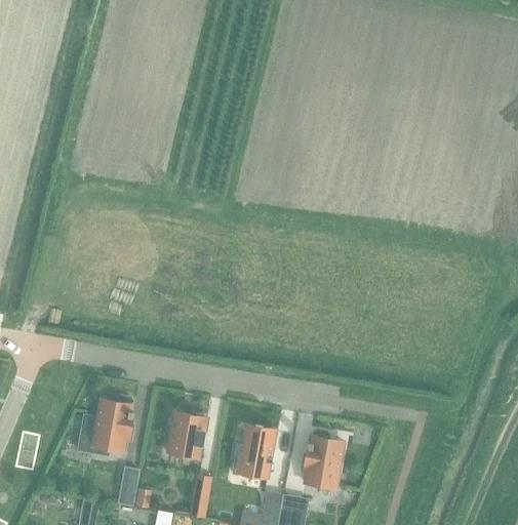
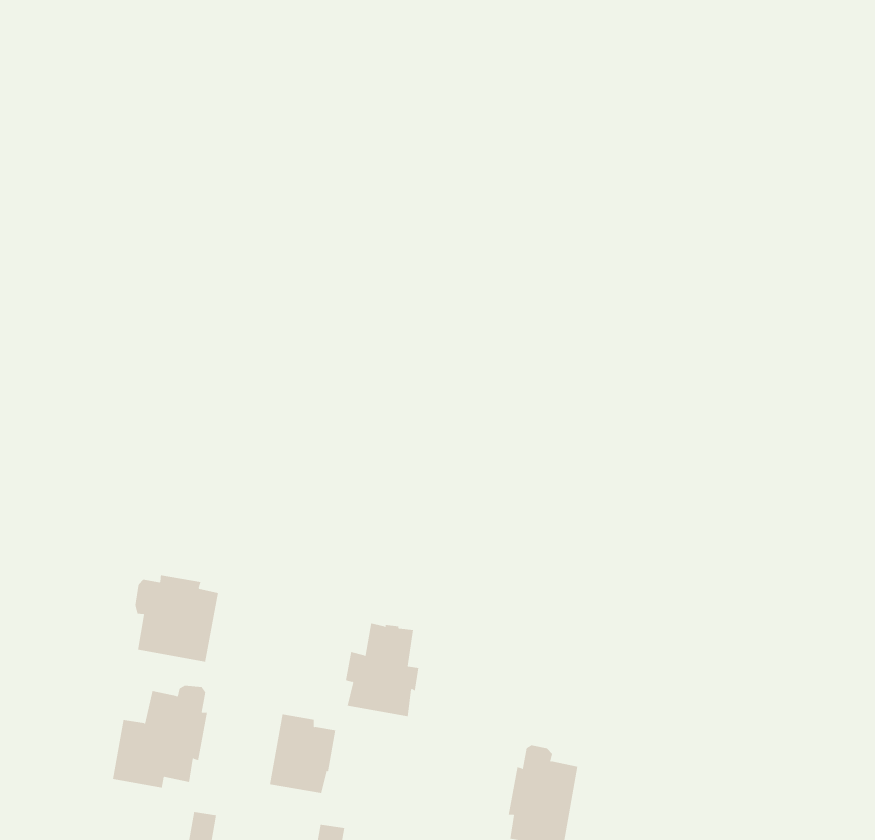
building: none -> [135,574,219,663]
building: [232,426,274,479] -> [345,623,419,717]

